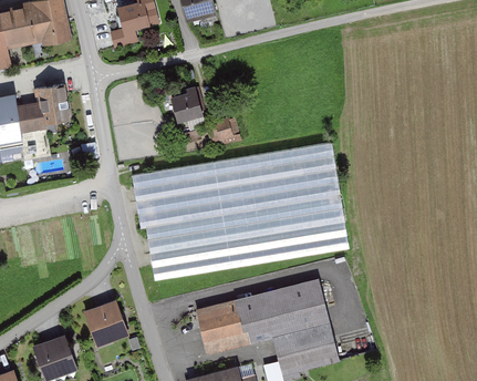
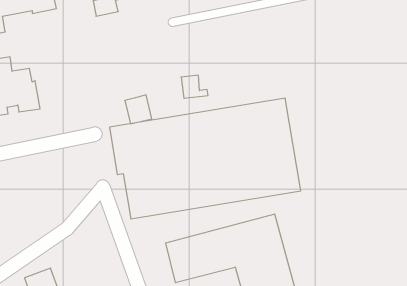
building: [34,83,69,123] -> none
building: [170,86,201,120] -> [125,95,152,124]
building: [83,300,127,346] -> none

